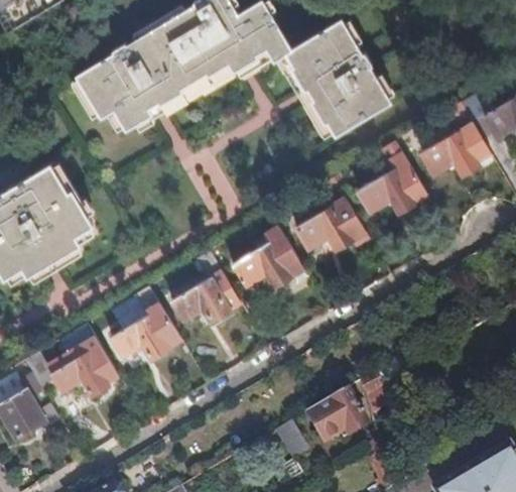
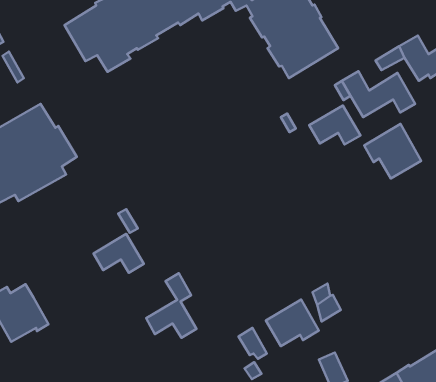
building: none -> [364,124,421,178]
building: [296,199,369,250] -> none
building: [232,227,303,286] -> none
building: [173,250,231,324] -> [146,273,197,338]
building: [26,337,120,395] -> none

